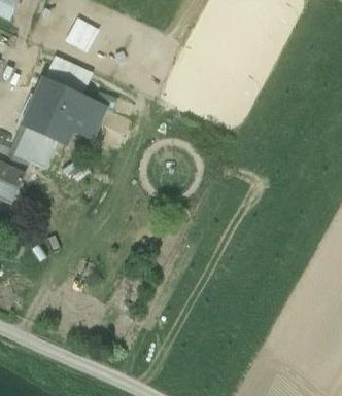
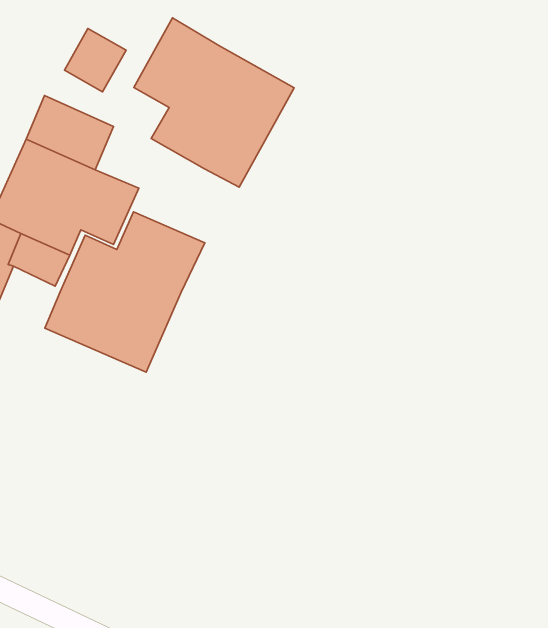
building: none -> [134,18,294,187]
building: none -> [45,212,205,372]

